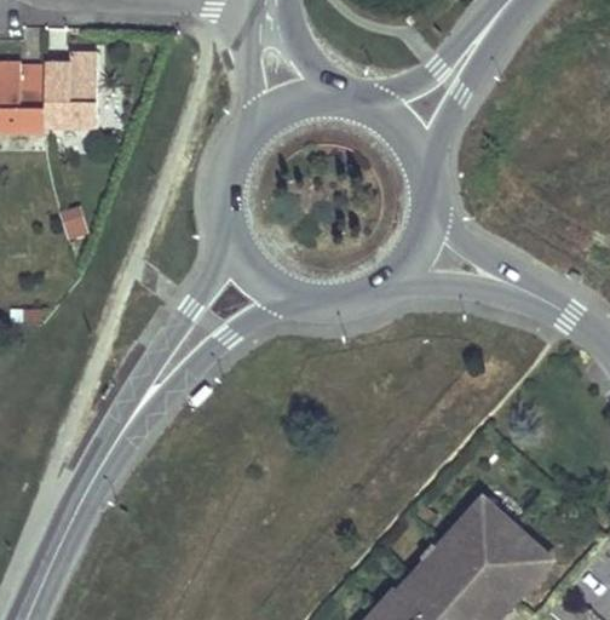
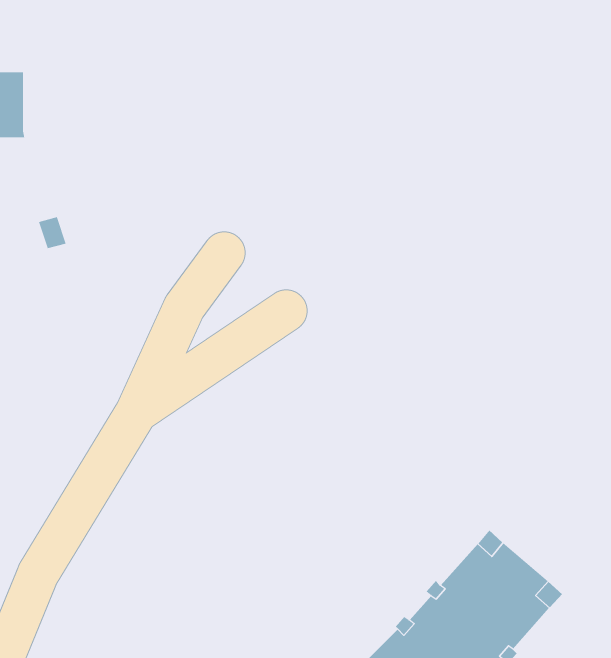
building: [44,51,96,125] -> none

